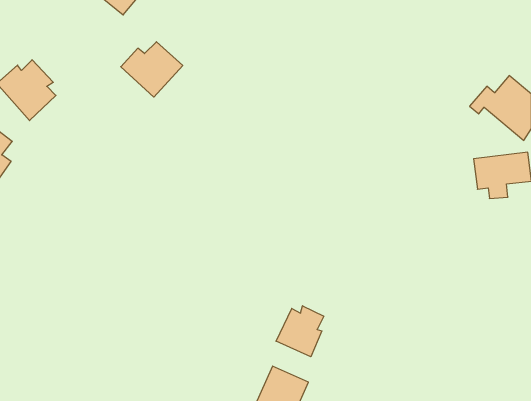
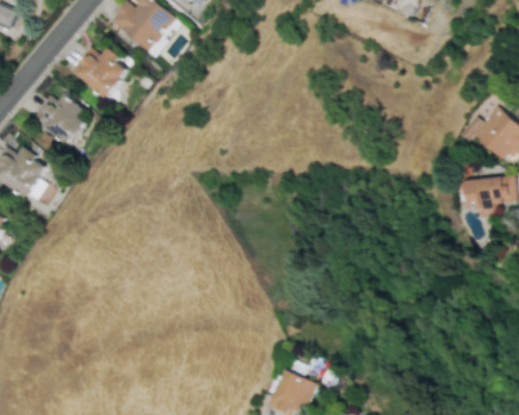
building: [121,42,183,97] -> [75,49,131,99]
building: [276,306,324,357] -> none

